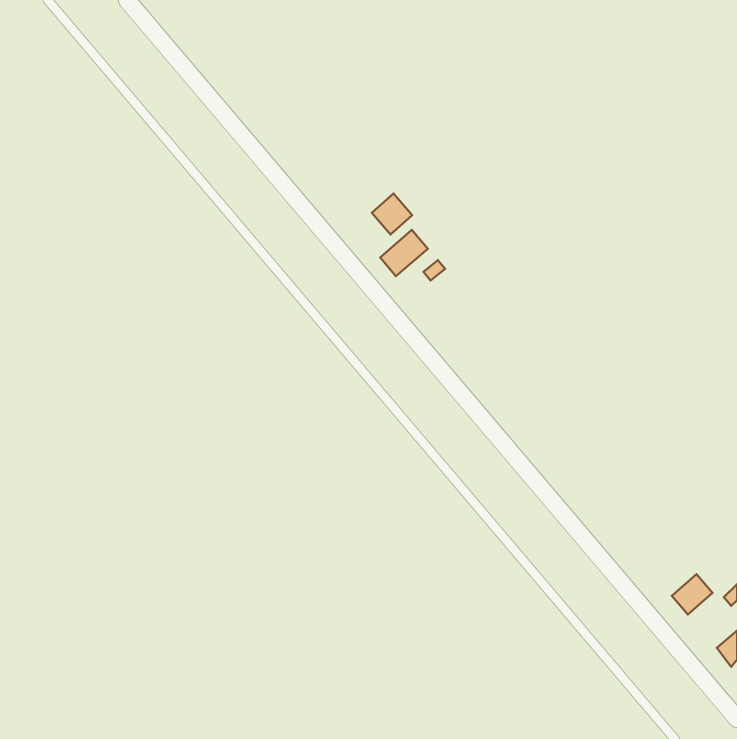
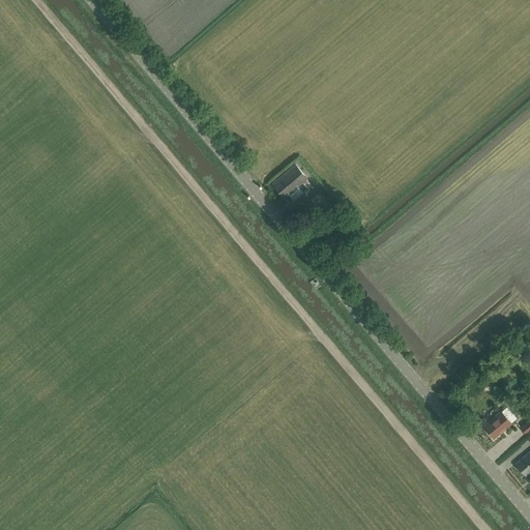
building: [372,194,412,234] -> none

